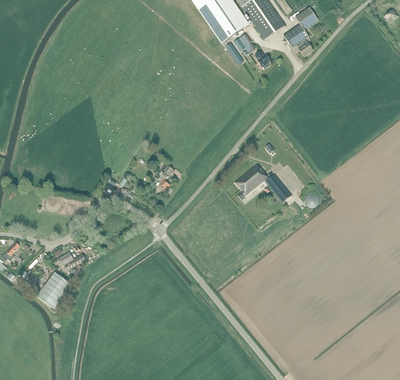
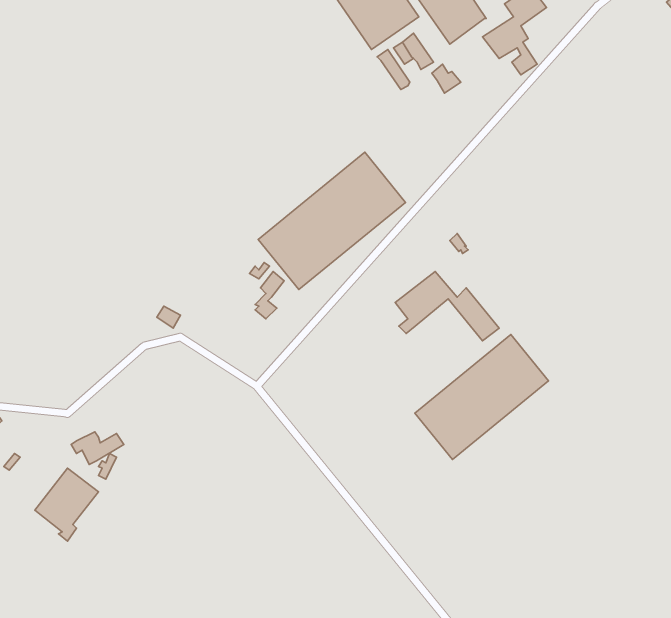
building: none -> [258,152,405,290]
building: none -> [415,335,549,459]

